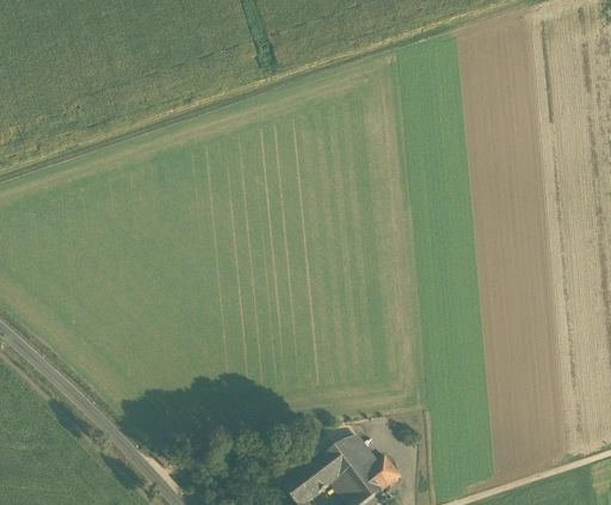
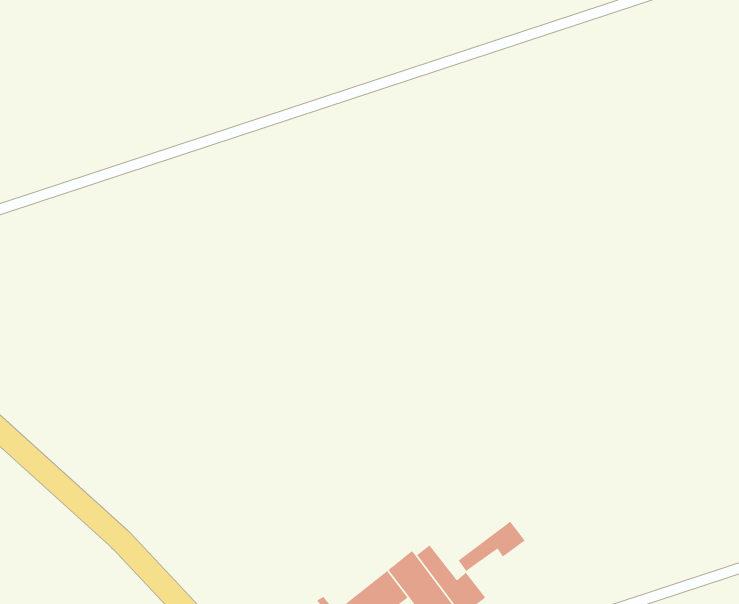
building: none -> [458,521,525,572]

